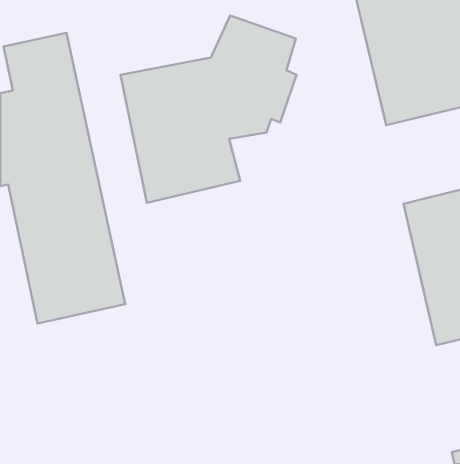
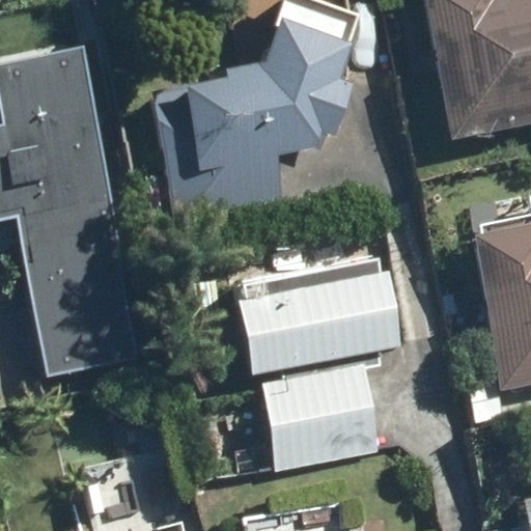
building: none -> [237,271,400,373]
building: none -> [263,366,382,467]

